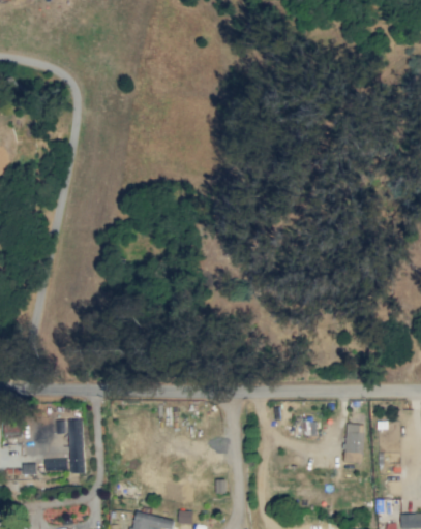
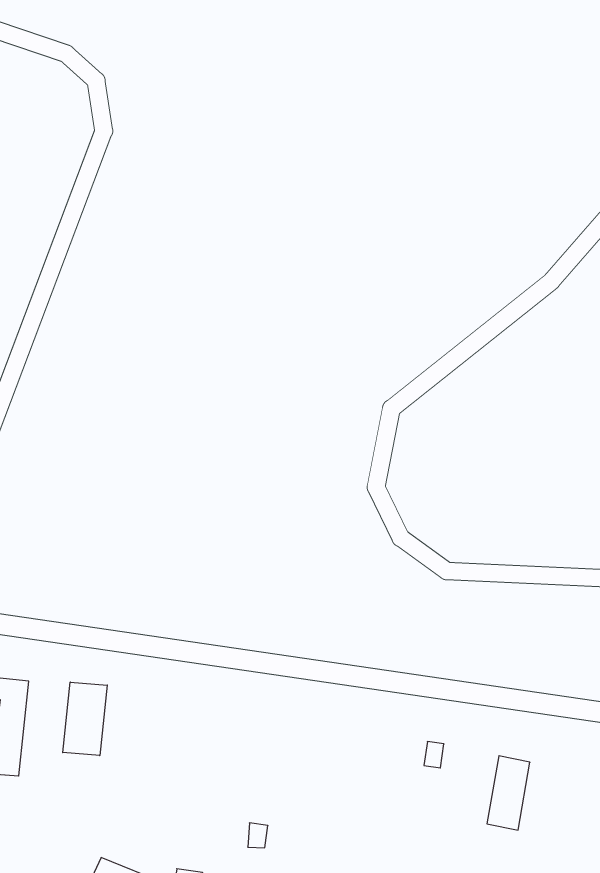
building: none -> [63,682,107,756]

